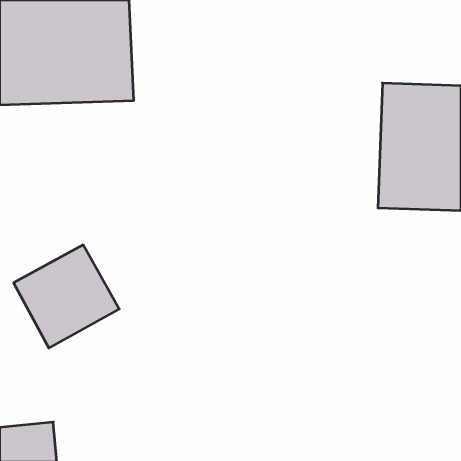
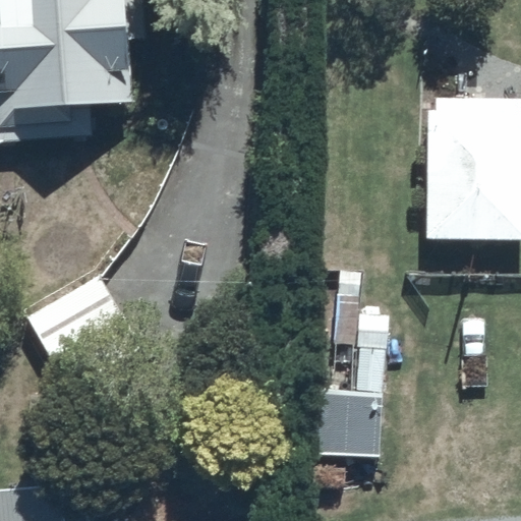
building: none -> [324,306,389,458]

